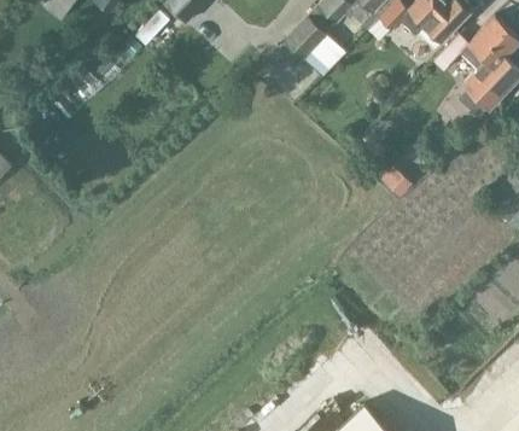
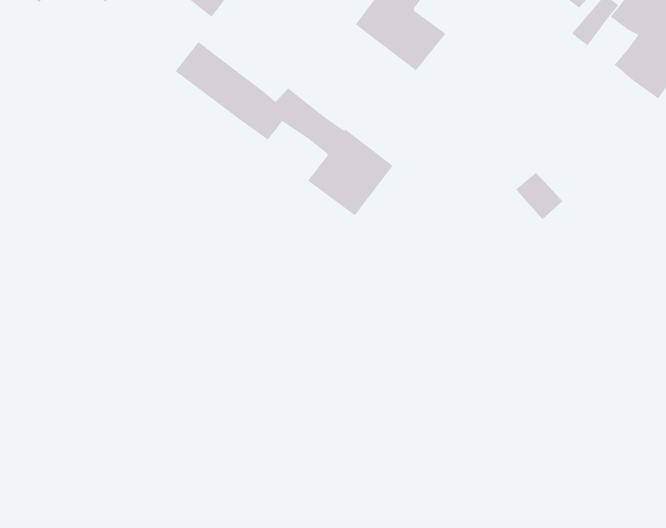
building: none -> [175,41,394,216]

